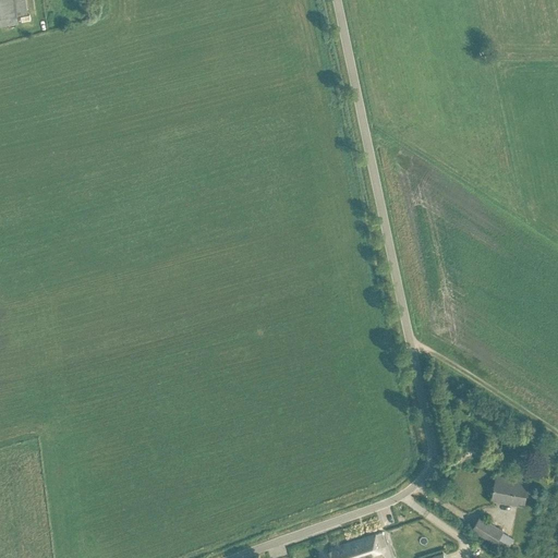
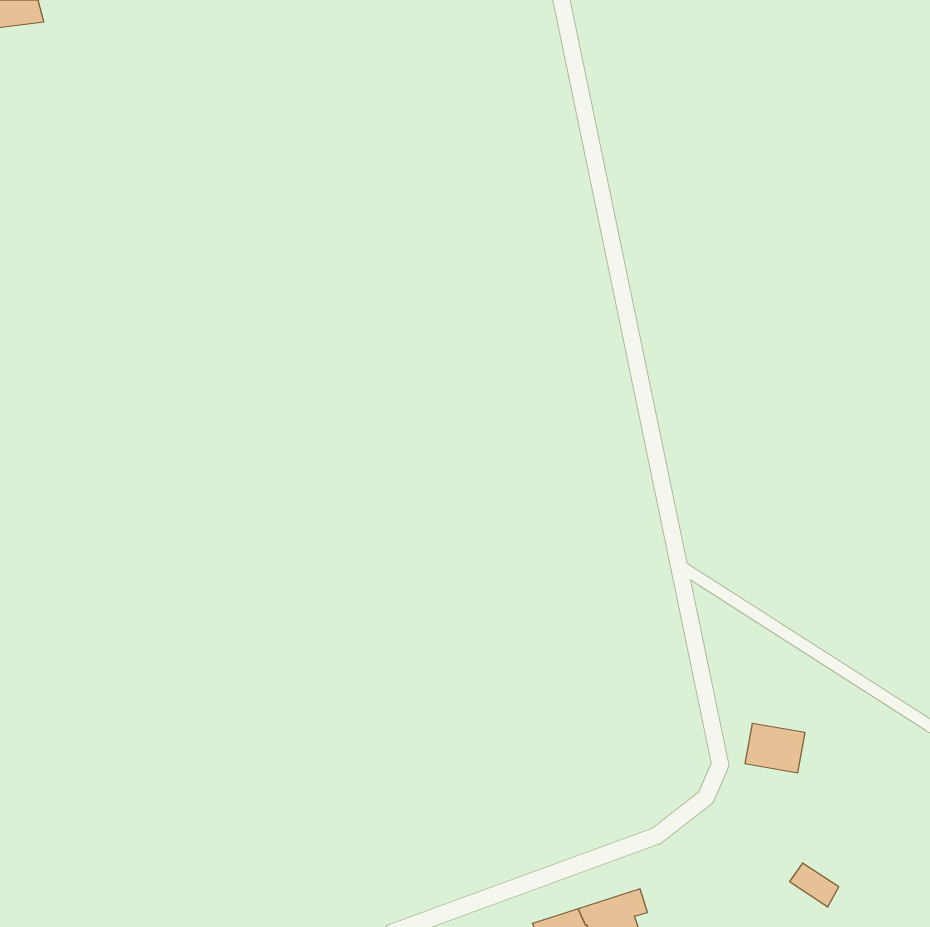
building: [492,478,527,508] -> [745,723,805,773]

